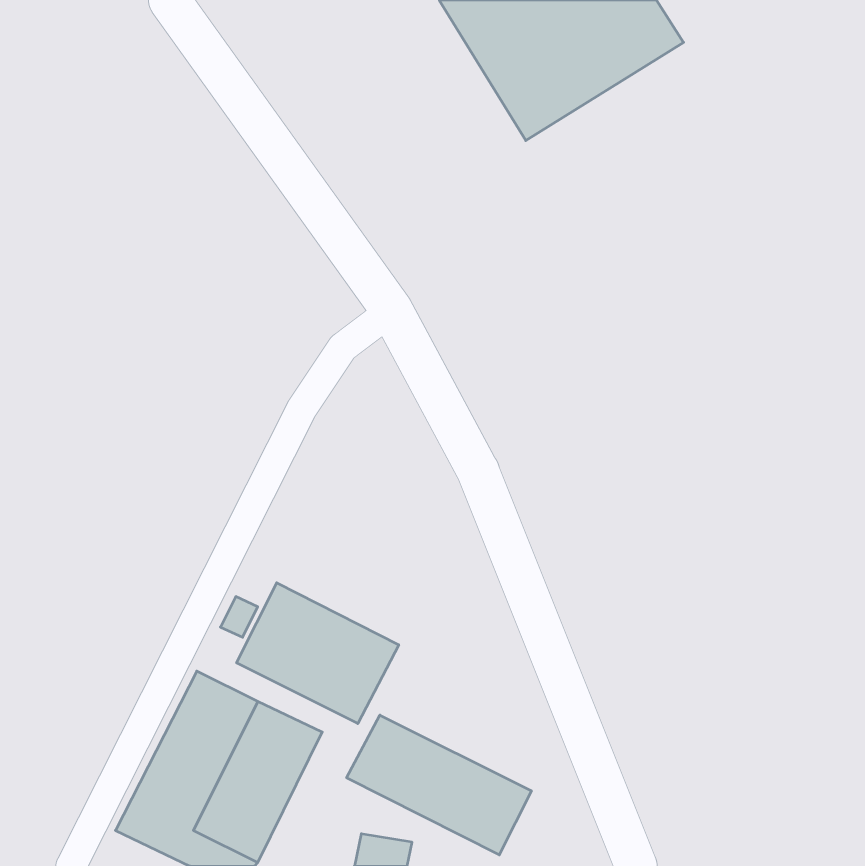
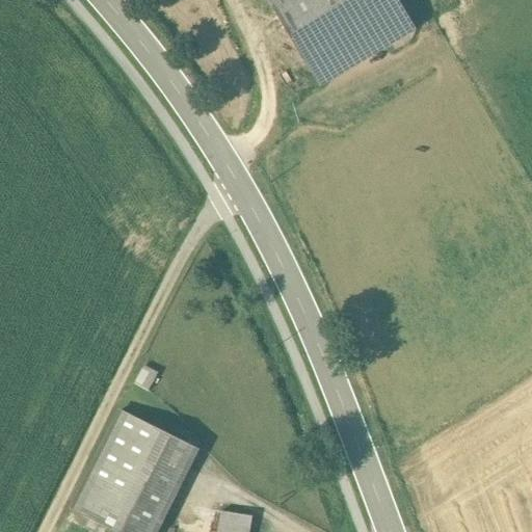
building: [237,583,399,724] -> none
building: [347,715,531,855] -> none

